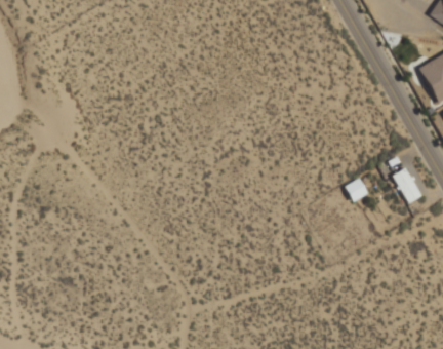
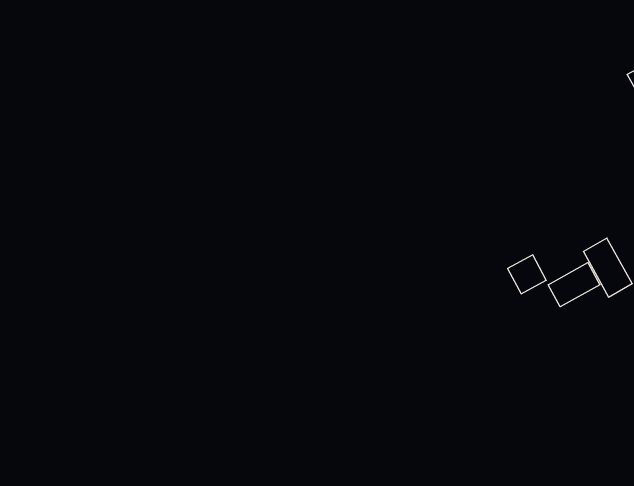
building: none -> [548,263,600,307]

